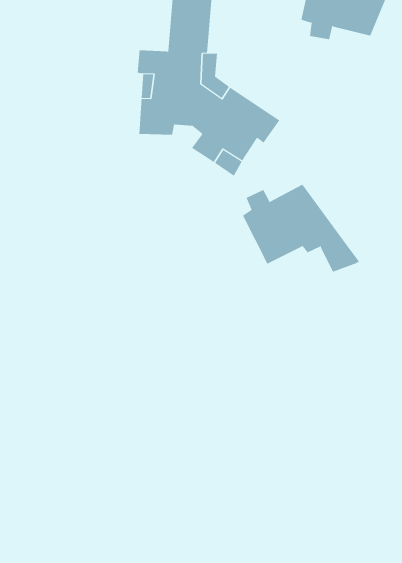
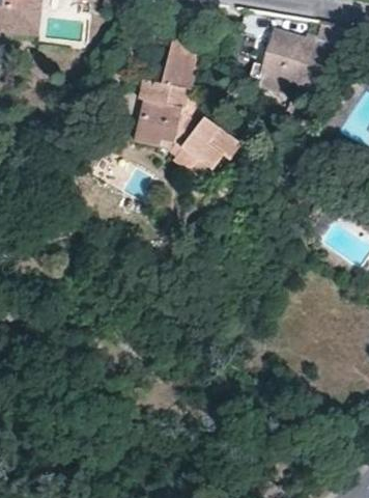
building: [242,184,360,273] -> none

